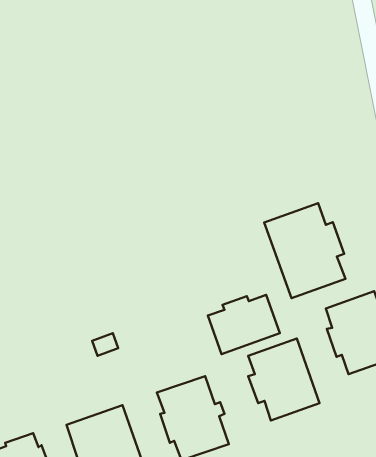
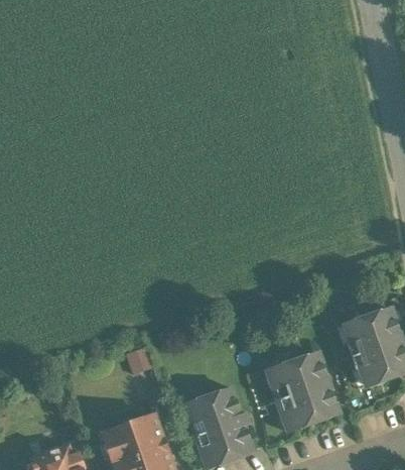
building: [264,203,345,298] -> none
building: [208,295,280,354] -> none

